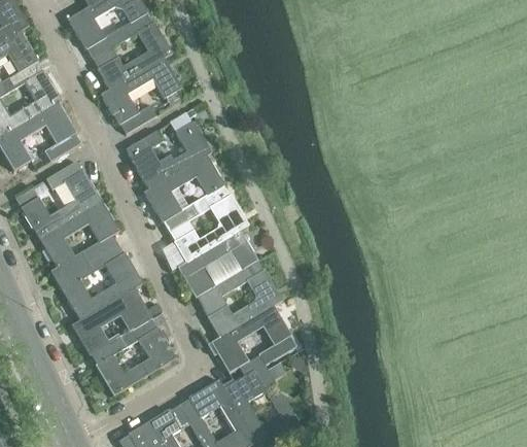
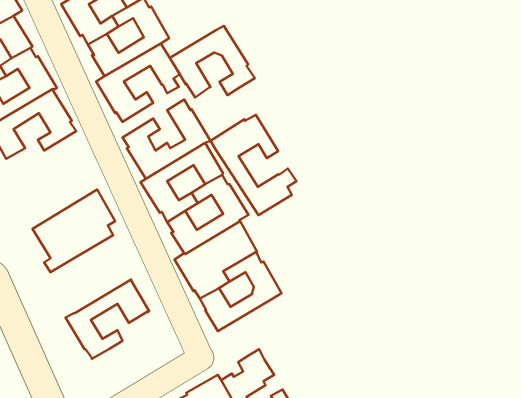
building: none -> [170,26,255,97]
building: none -> [210,115,297,215]
building: [15,161,102,238] -> none
building: [57,244,143,320] -> none
building: [208,306,296,373] -> none
building: [95,318,176,396] -> none

